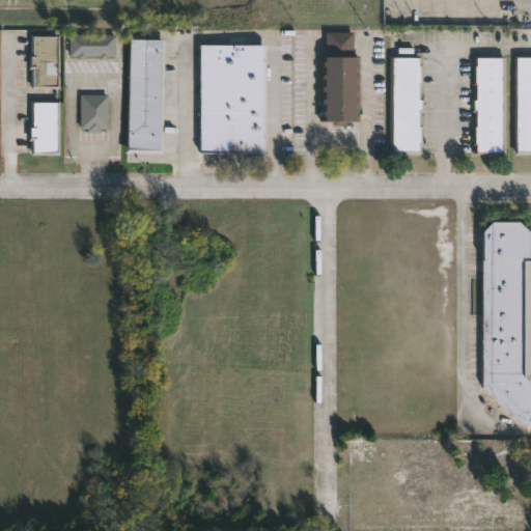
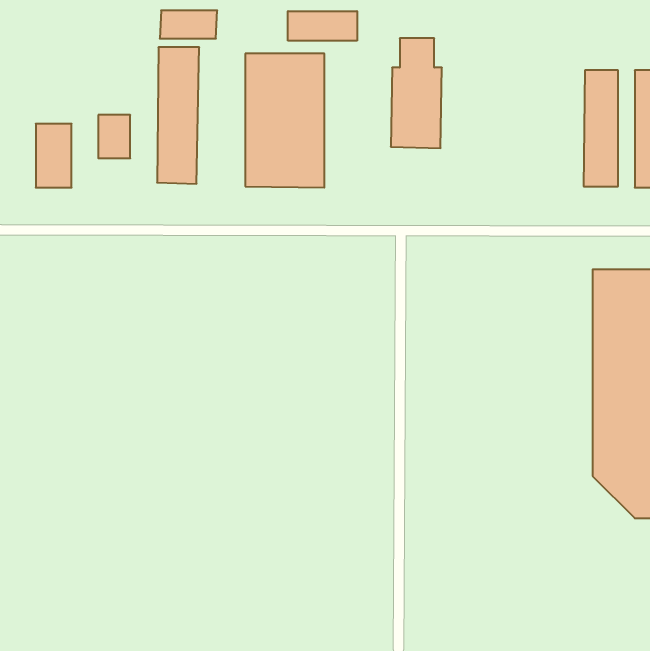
building: none -> [288,11,357,41]
building: [71,34,117,57] -> [160,10,217,39]
building: [32,36,60,87] -> none
building: [393,58,421,152] -> none

